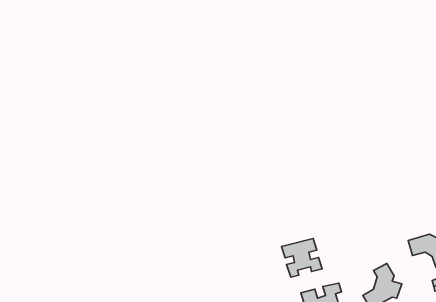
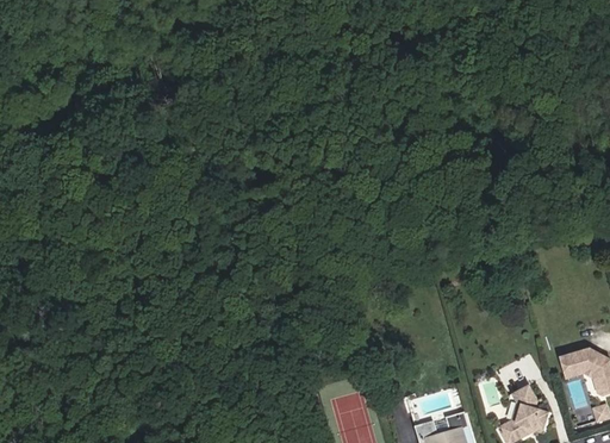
building: [282,239,322,277] -> none

